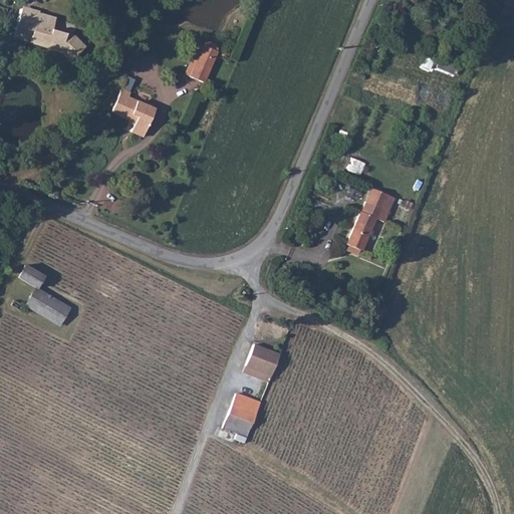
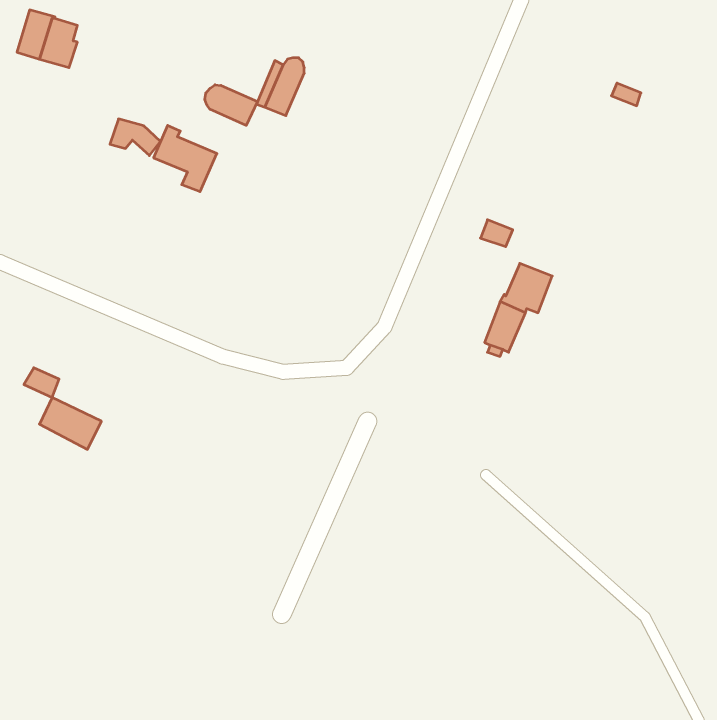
building: [51,30,87,56] -> [110,119,161,156]
building: none -> [205,85,257,125]
building: [245,350,279,381] -> none
building: [227,397,260,430] -> none

